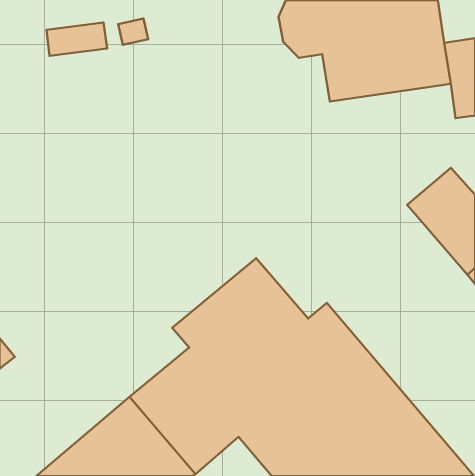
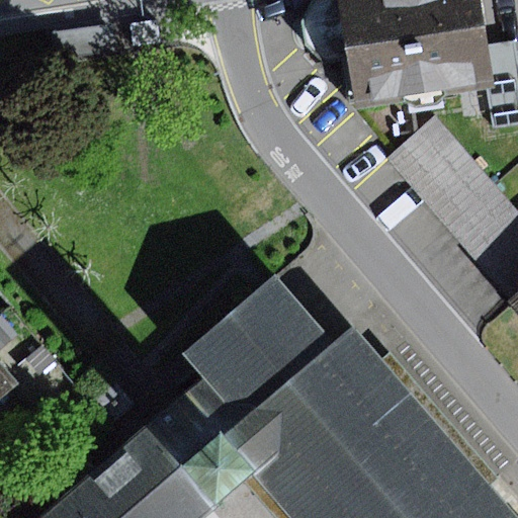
building: none -> [386,116,490,223]

